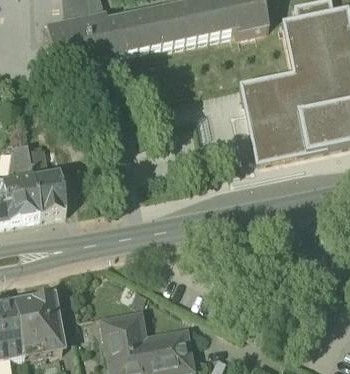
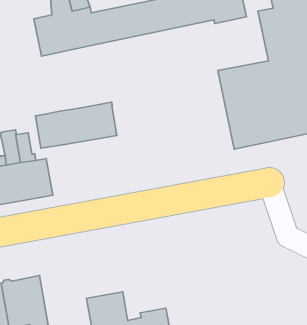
building: none -> [36,102,117,148]

